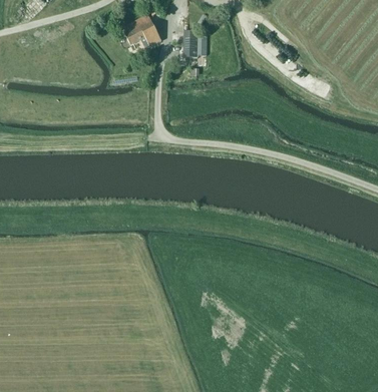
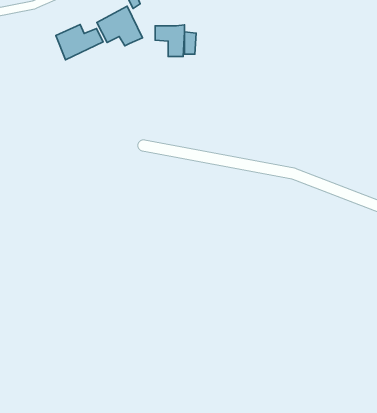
building: none -> [56,24,103,60]

